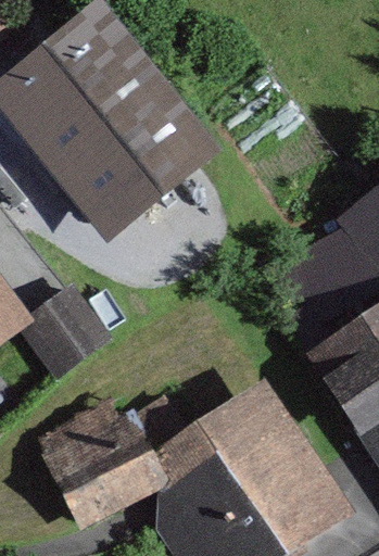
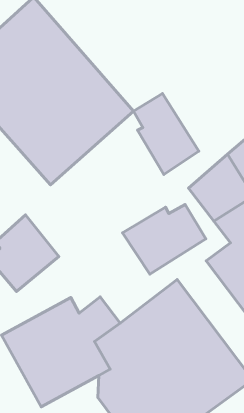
building: none -> [133,94,199,175]
building: none -> [122,205,206,274]

